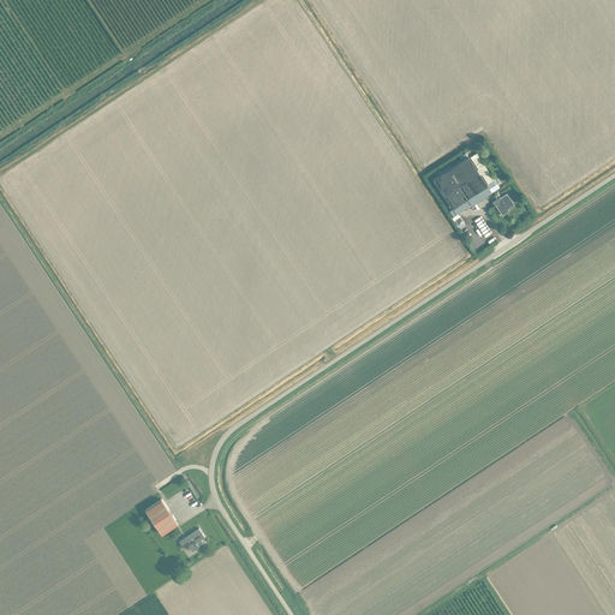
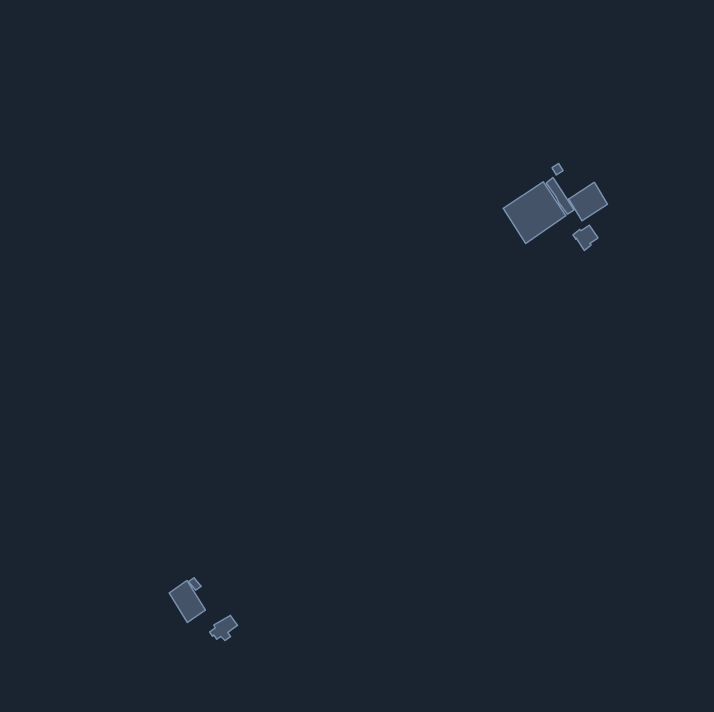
building: none -> [569,182,607,221]

